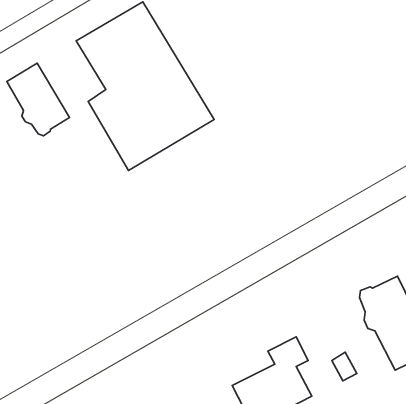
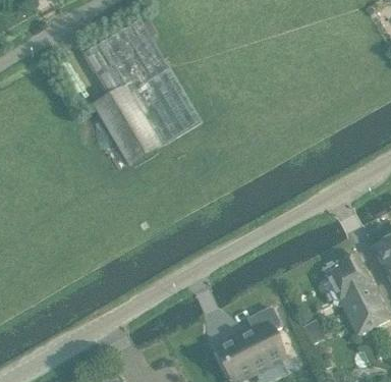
building: [7,63,70,136] -> none

